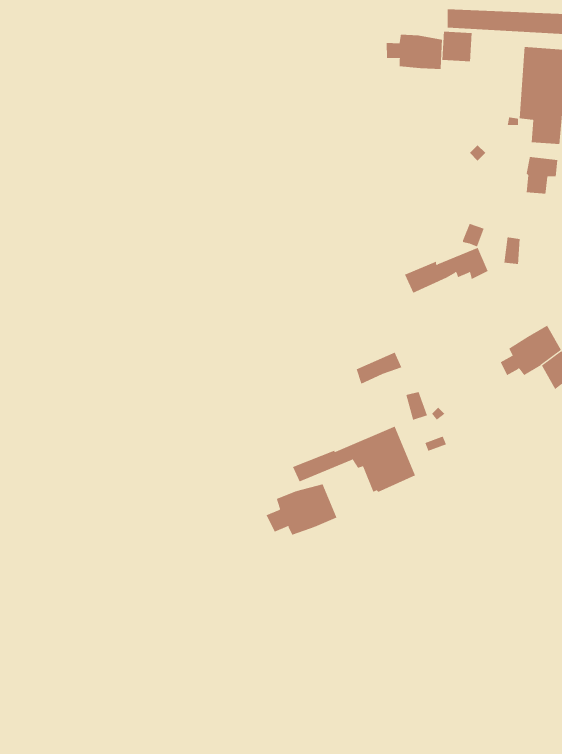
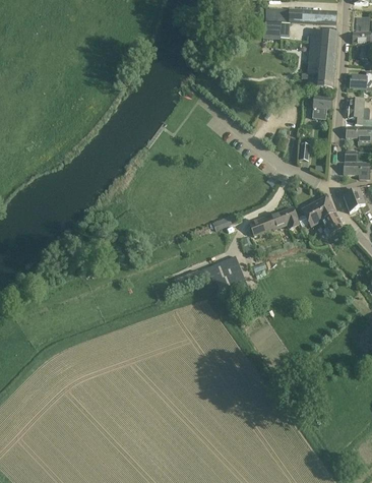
building: [386,34,442,70] -> none
building: [404,247,488,293] -> [249,206,299,234]
building: [266,484,338,536] -> none

